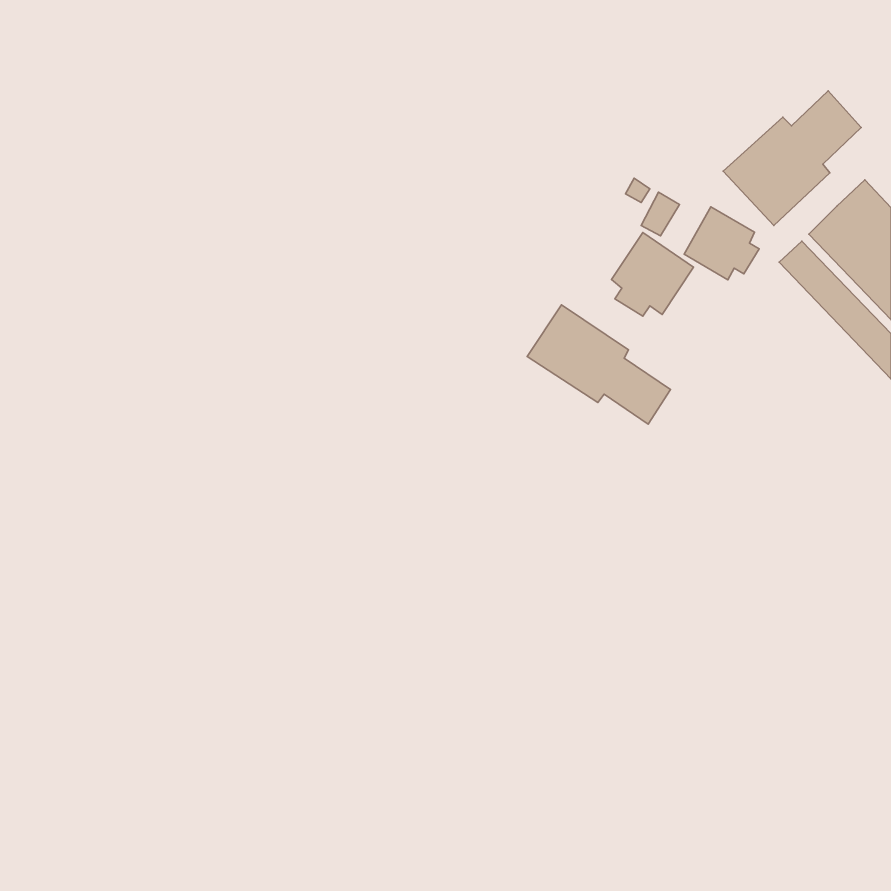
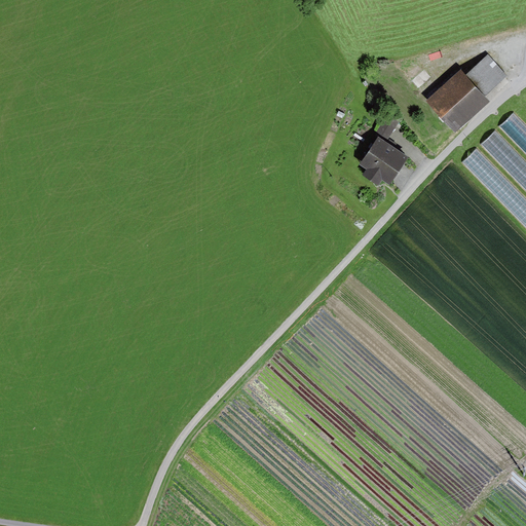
building: [684,207,759,280] -> none
building: [527,305,670,424] -> none

